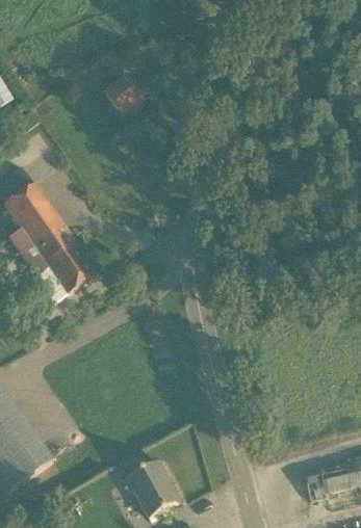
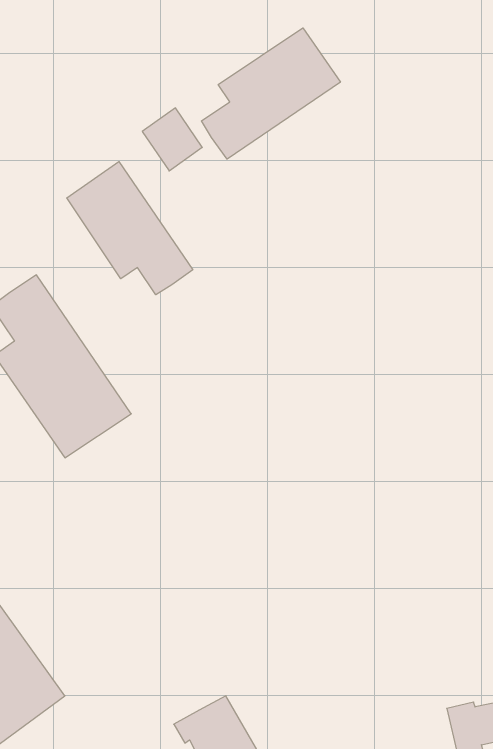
building: none -> [201,28,340,159]
building: none -> [67,162,193,295]

